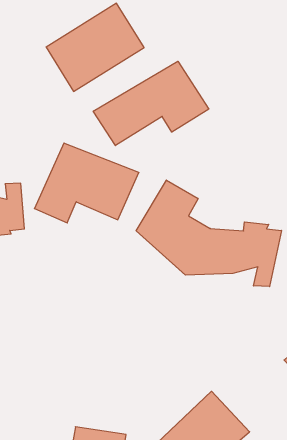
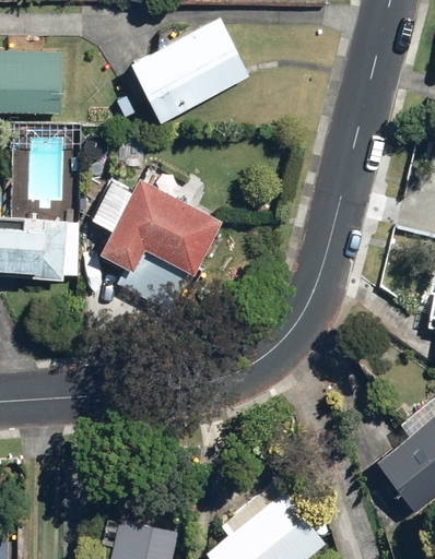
building: [93,61,209,146] -> none
building: [136,180,281,287] -> none

